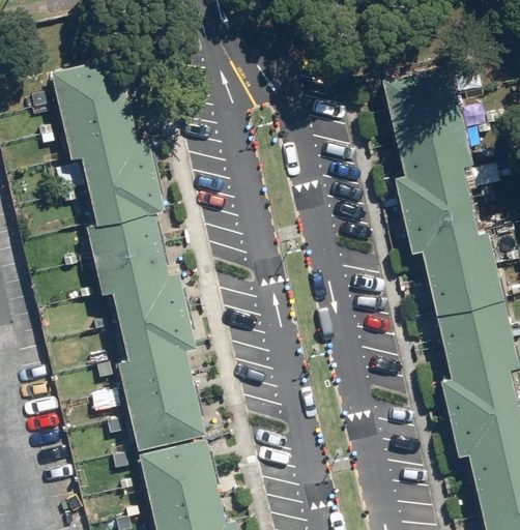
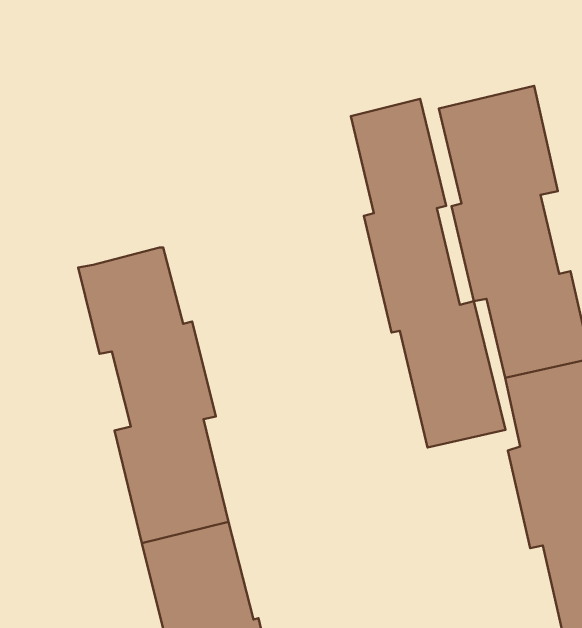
building: [51,59,164,229] -> none
building: none -> [351,99,505,448]

